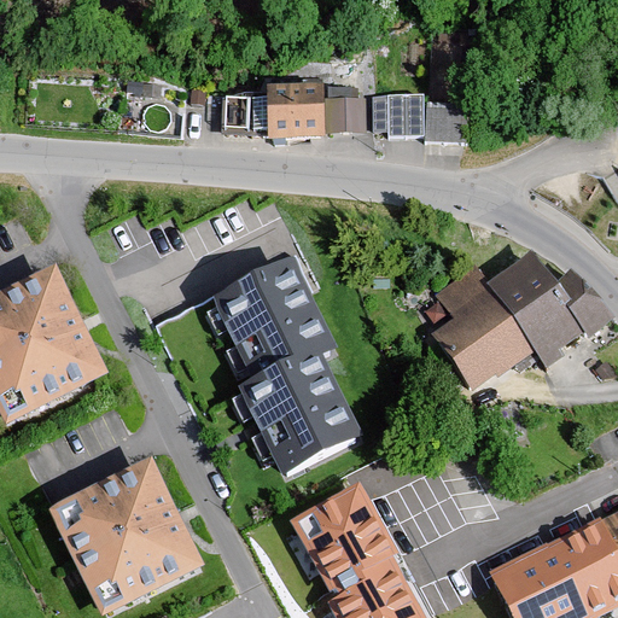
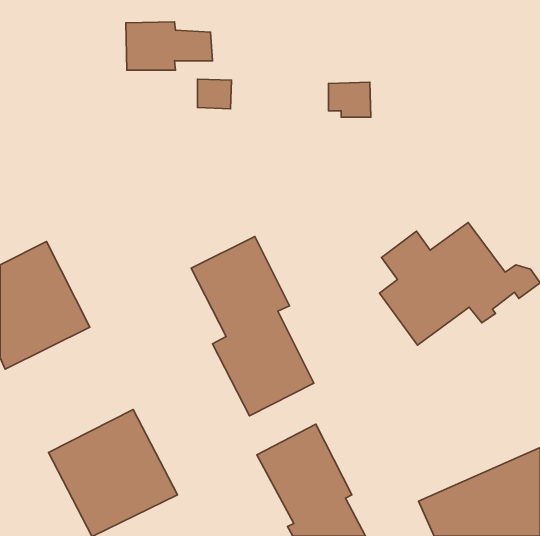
building: [268,81,367,136] -> [126,22,213,70]
building: [427,105,467,138] -> none

